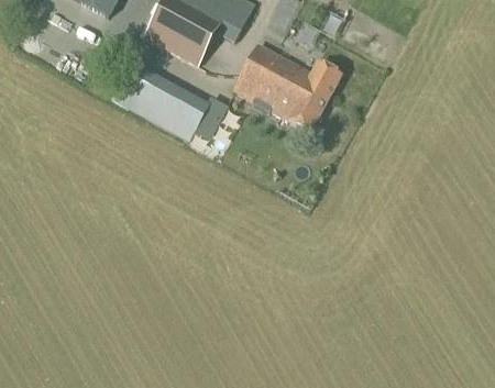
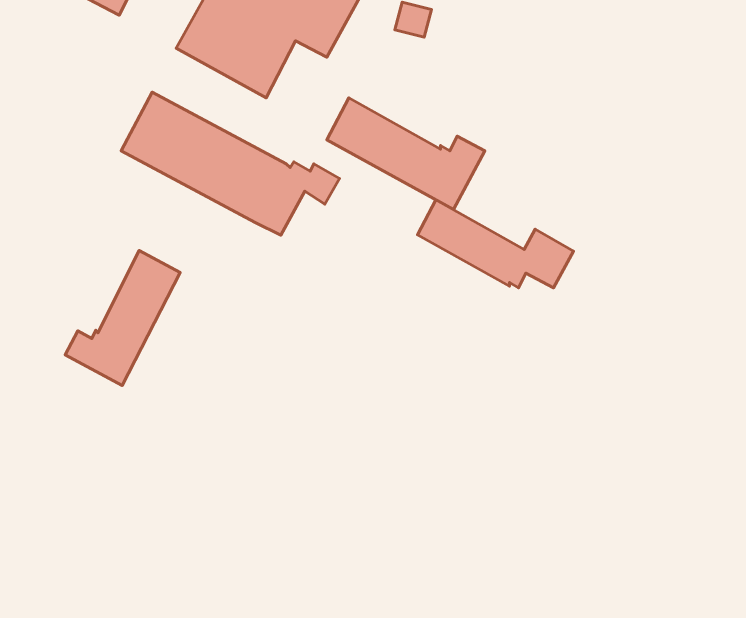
building: [248,42,341,95] -> [418,200,574,288]
building: none -> [65,250,180,385]

